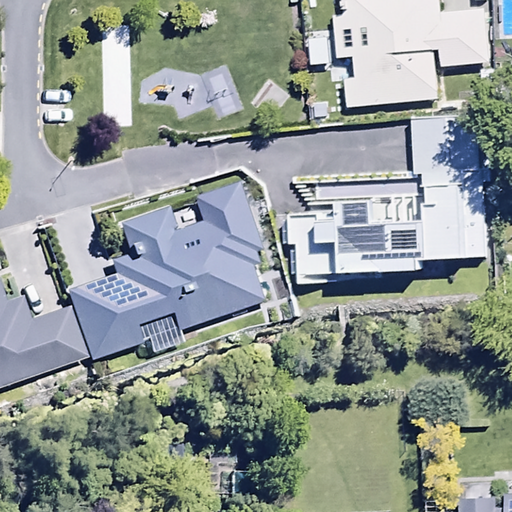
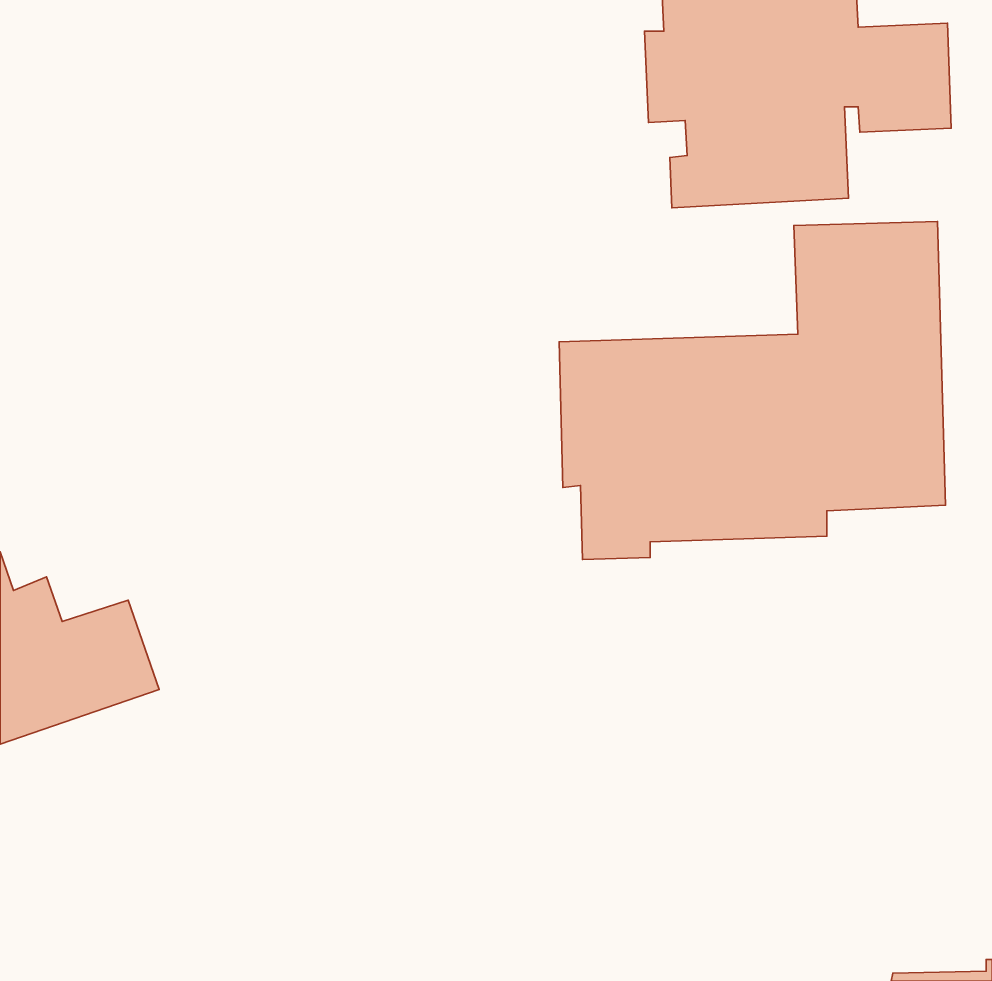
building: [67,180,267,357] -> none

